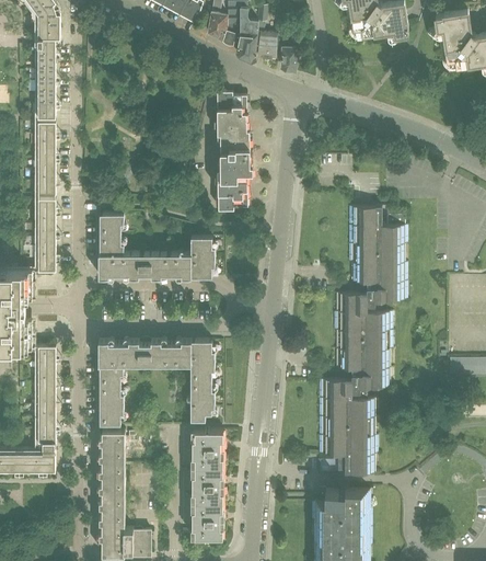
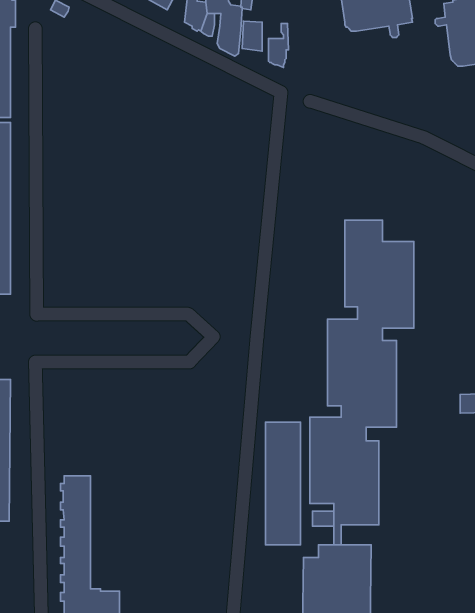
building: [217,92,250,210] -> none
building: [99,214,216,277] -> none
building: [100,340,216,424] -> none
building: [193,430,223,537] -> [265,422,300,545]

